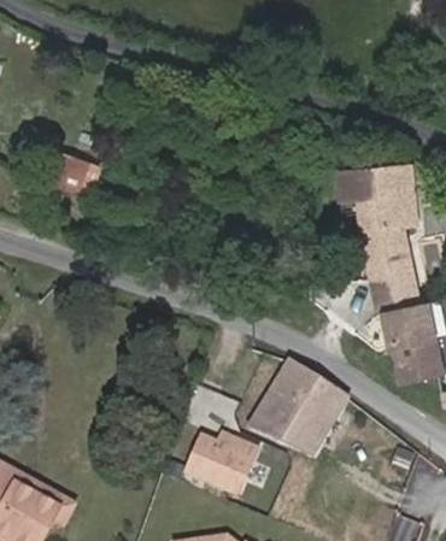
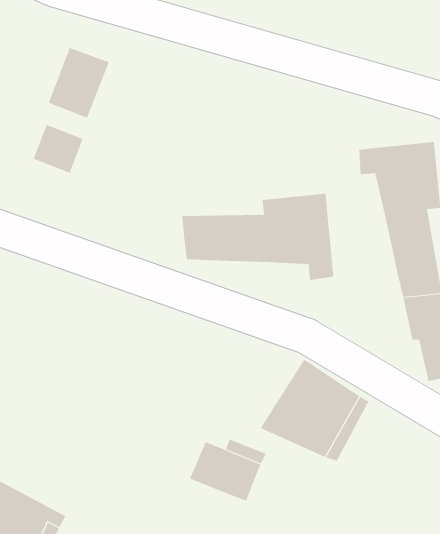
building: none -> [48,47,110,119]
building: none -> [182,193,334,281]

